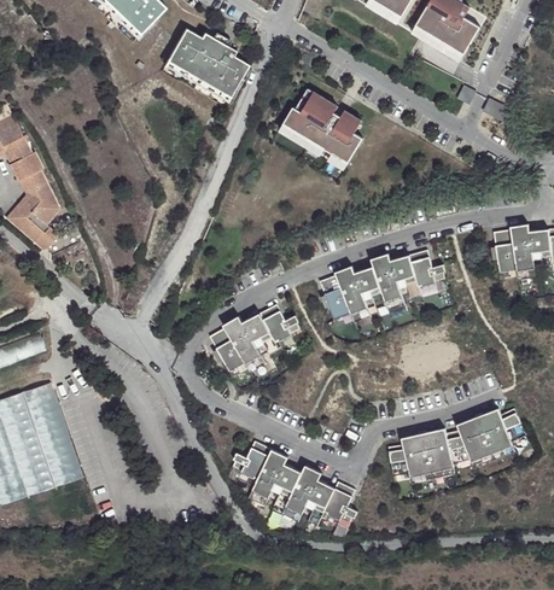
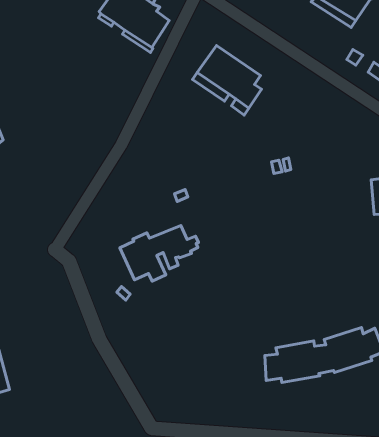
building: [321,250,447,321] -> none
building: [229,437,355,522] -> none

